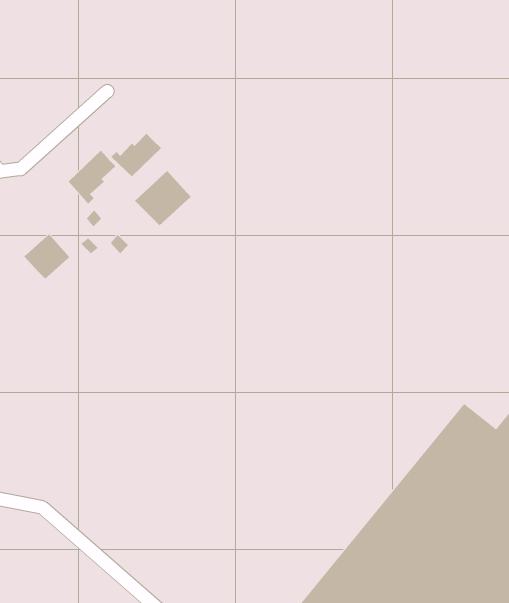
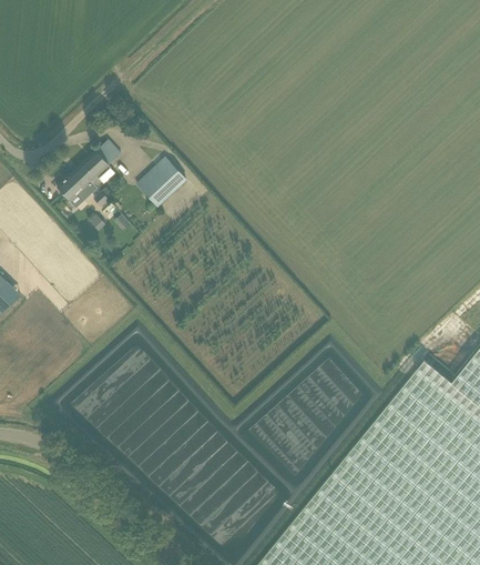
building: [110,133,162,177] -> none
building: [24,234,71,279] -> [58,168,99,208]

